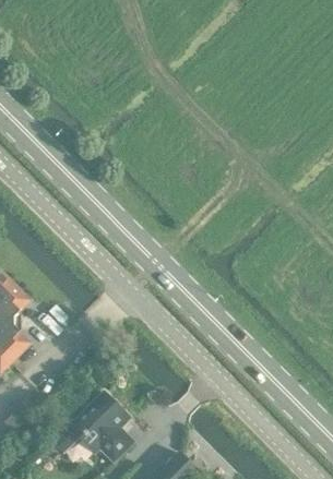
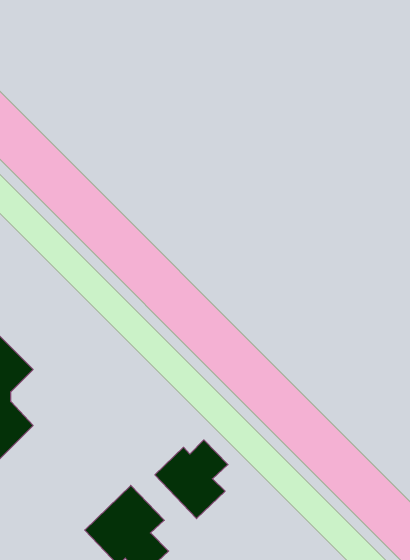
building: none -> [155,440,228,519]

